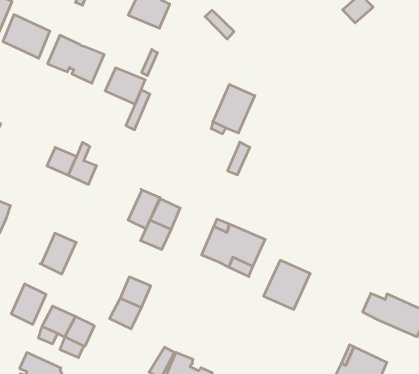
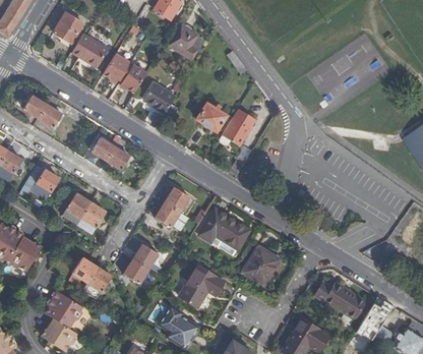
building: none -> [196,102,227,131]
building: [128,189,160,229] -> none
building: [11,284,46,324] -> [62,192,90,224]
building: none -> [178,264,224,307]

